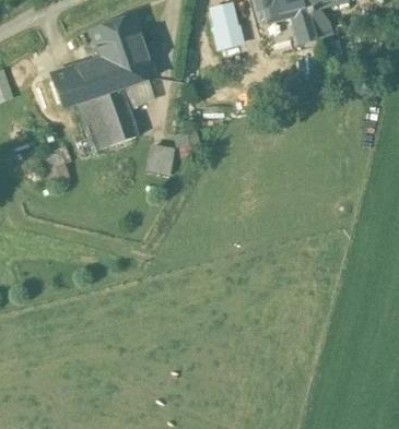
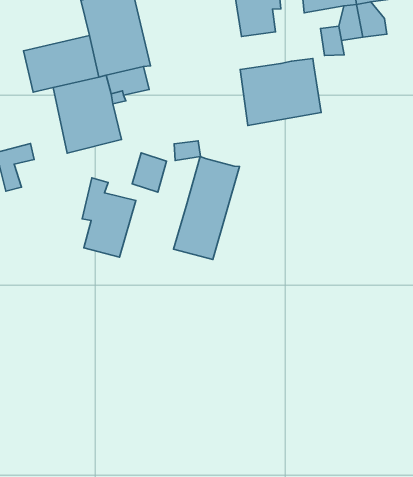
building: none -> [240,58,321,125]
building: none -> [174,156,240,259]
building: none -> [82,178,136,257]

